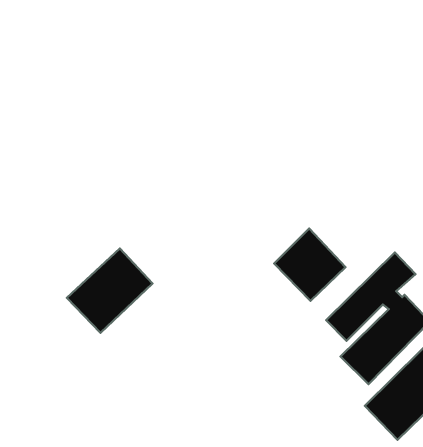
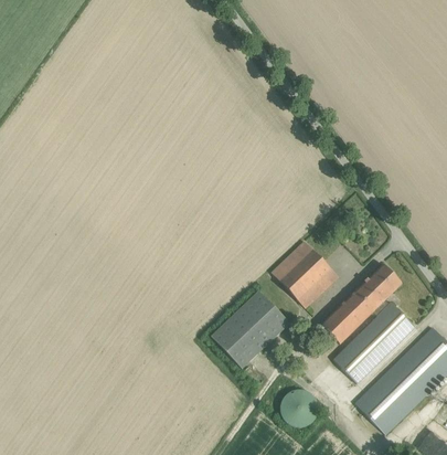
building: [67,248,152,333] -> [211,290,289,368]
building: none -> [279,389,318,426]

